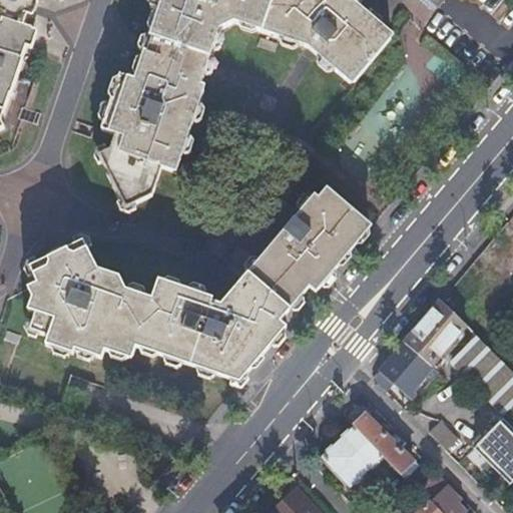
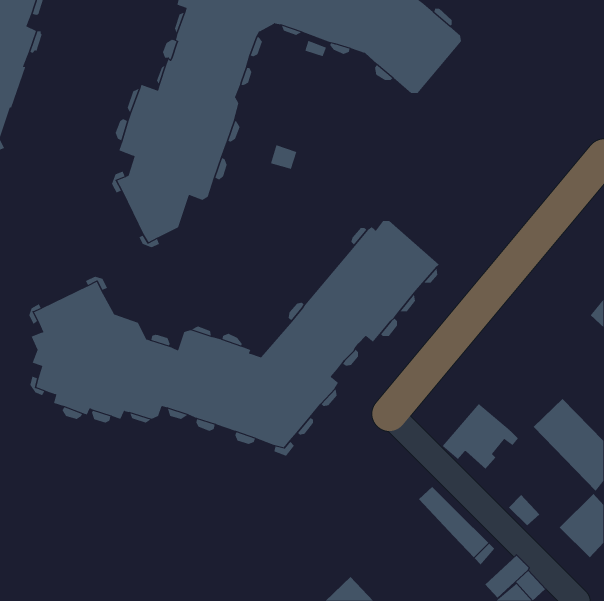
building: [405,300,463,364] -> none
building: [321,422,385,501] -> none

